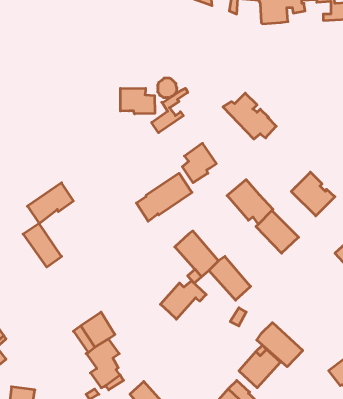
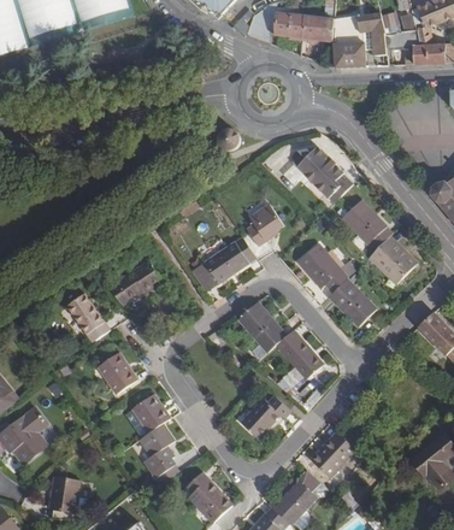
building: [120,88,155,114] -> none
building: [152,88,188,133] -> none
building: none -> [342,200,393,252]
building: [27,183,73,223] -> [110,260,161,306]
building: none -> [98,352,137,394]
building: [160,281,206,319] -> [240,395,291,438]
building: [257,323,303,367] -> none

